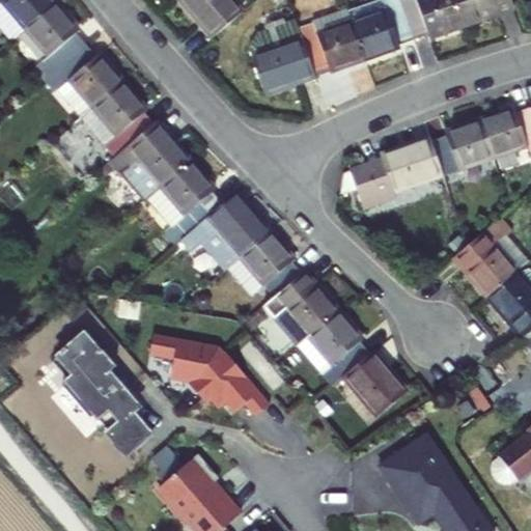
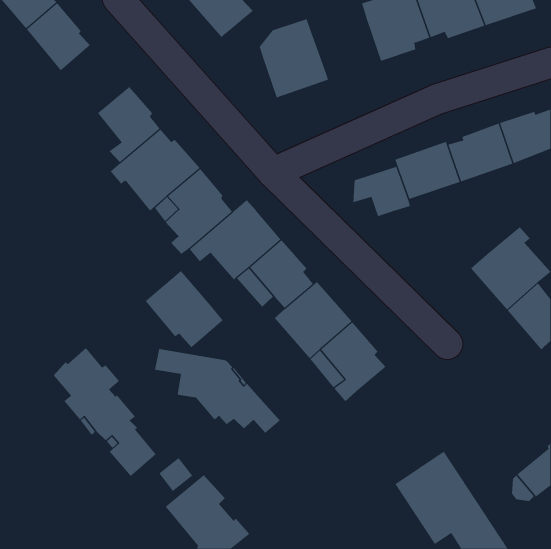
building: [299,20,366,72] -> none
building: [58,44,124,109] -> none
building: none -> [145,270,223,348]
building: [343,351,408,416] -> none

